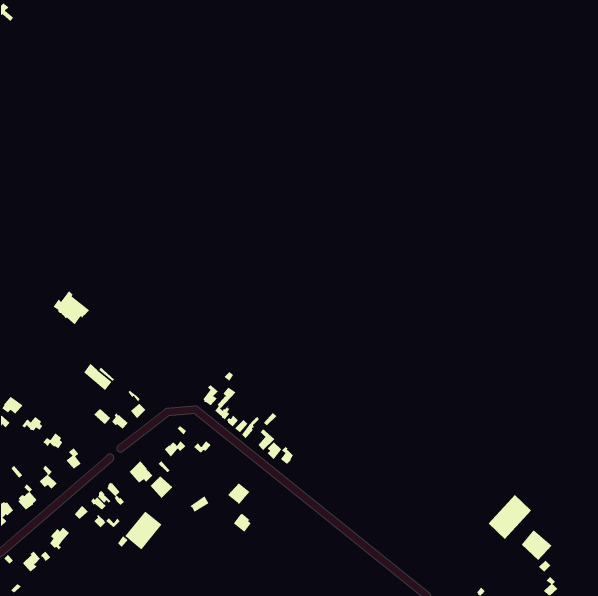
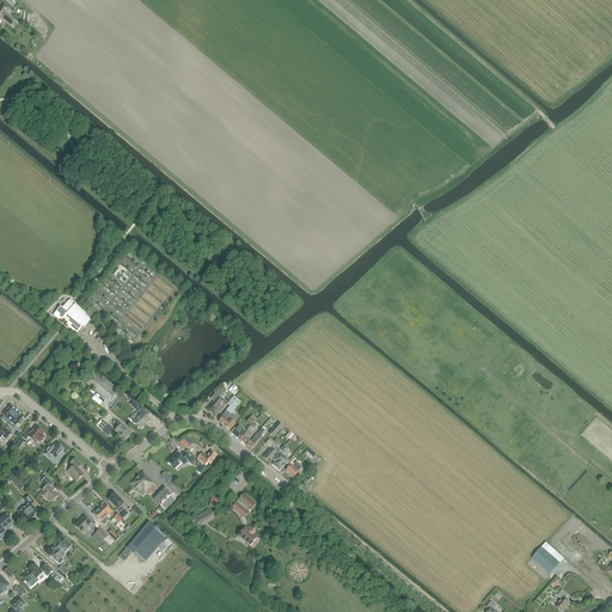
building: [488,494,532,540] -> none

